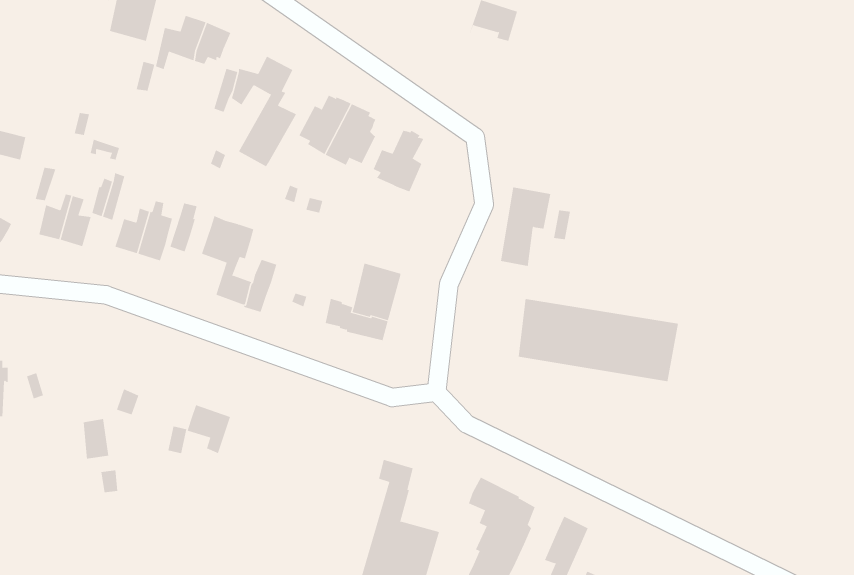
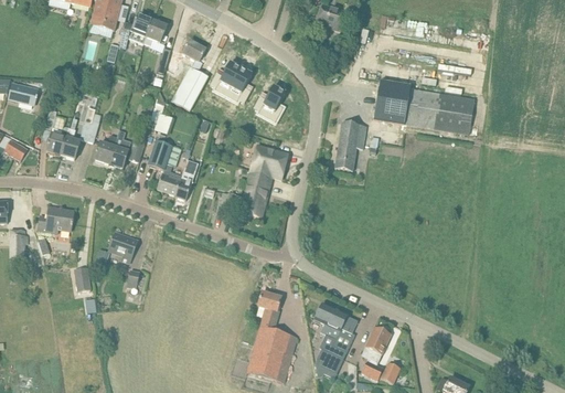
building: none -> [249,144,288,178]
building: [518,299,679,382] -> [374,82,475,134]
building: none -> [38,205,73,231]
building: [187,404,231,454] -> [109,231,137,262]

